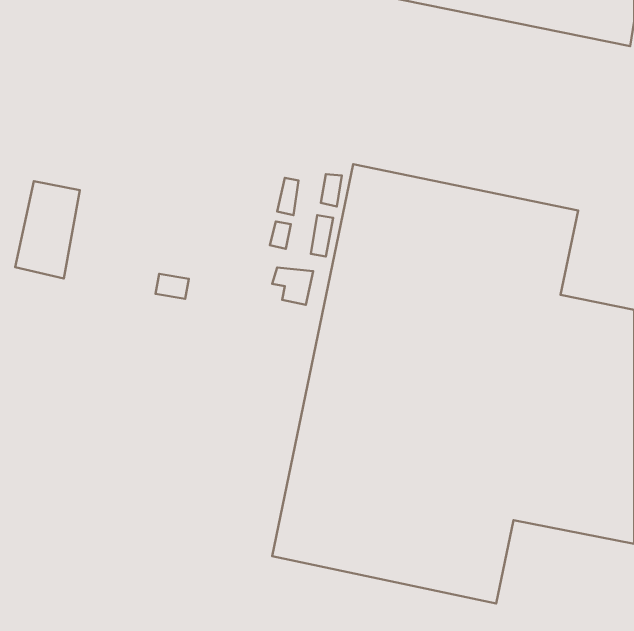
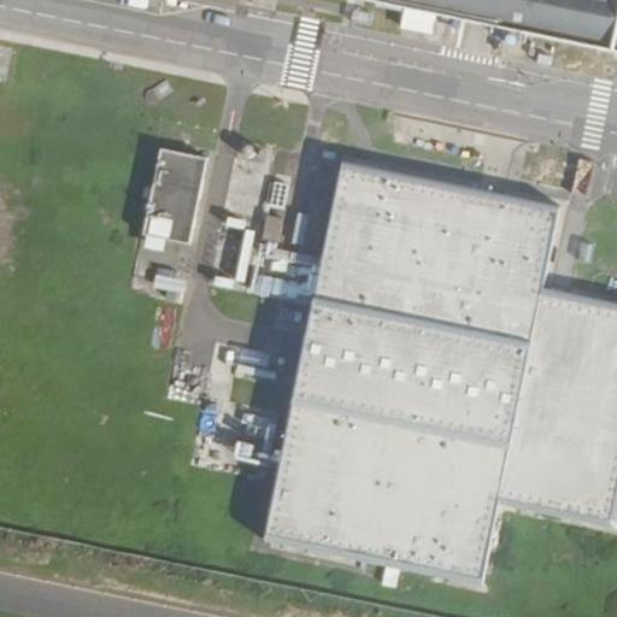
building: [15,181,80,278] -> [143,148,206,242]

